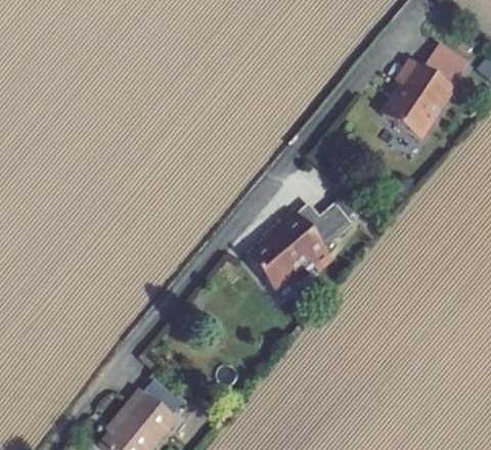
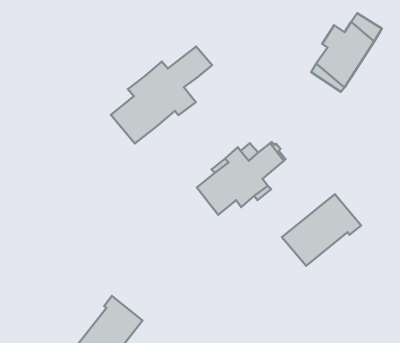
building: none -> [111,46,212,144]
building: none -> [282,194,361,266]

